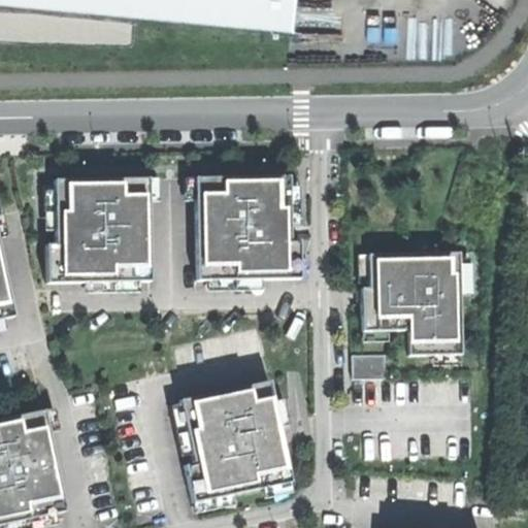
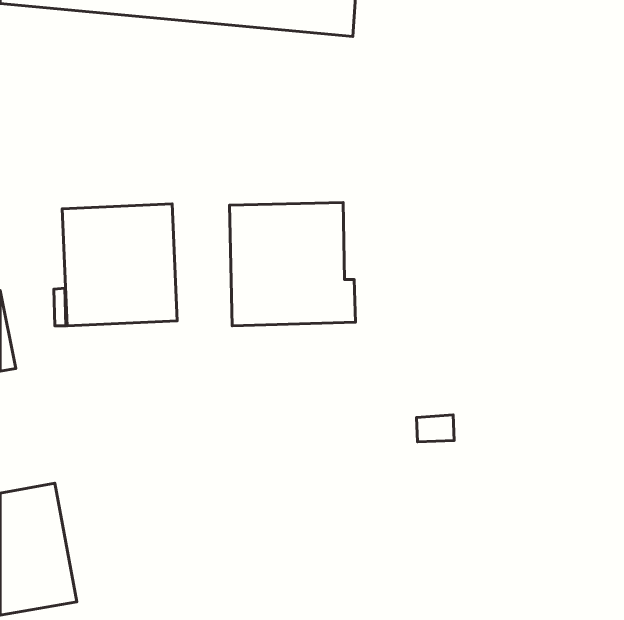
building: [356,248,460,352] -> none
building: [172,378,290,499] -> none

